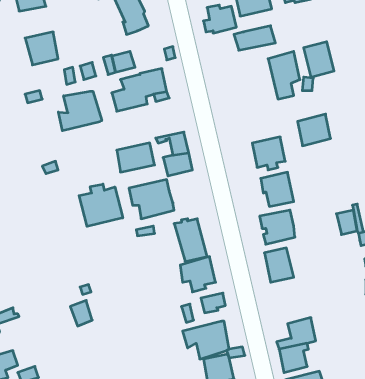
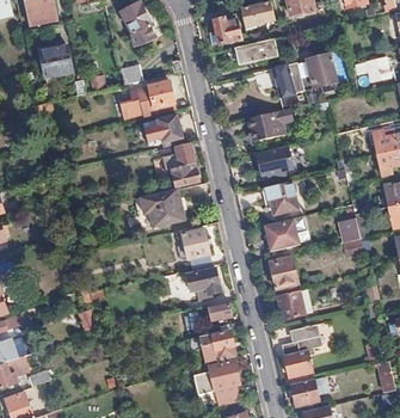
building: [58,91,102,131] -> none
building: [298,114,331,146] -> [247,111,279,142]
building: [117,143,155,172] -> [144,115,181,143]
building: [79,184,123,226] -> none
building: none -> [276,291,303,320]

